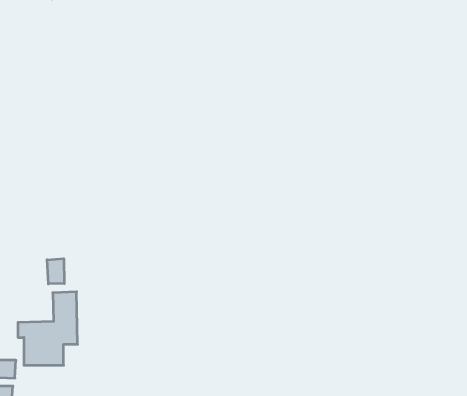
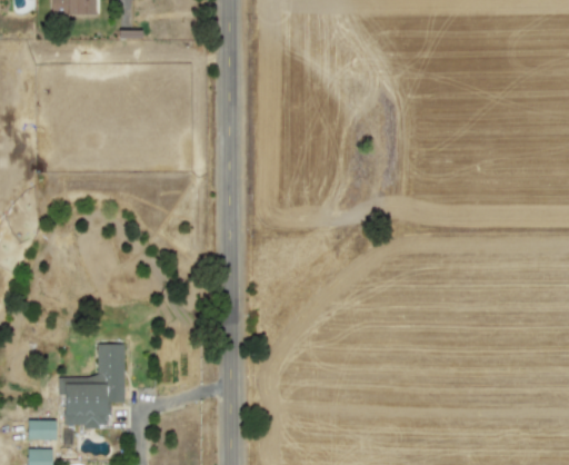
building: [47,259,64,284] -> none

